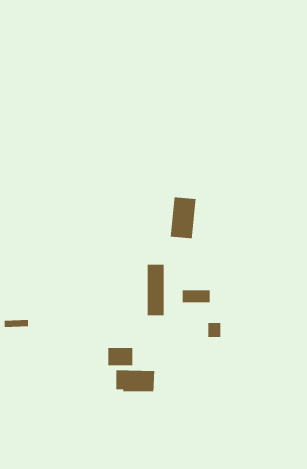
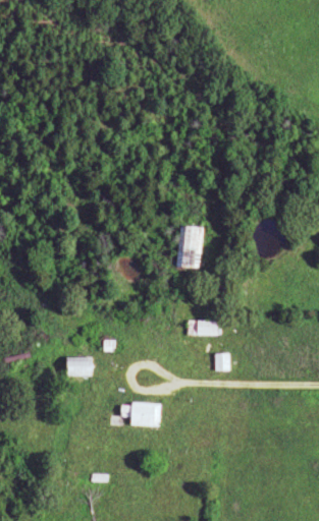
building: [147,264,164,316] -> none
building: [108,347,133,366] -> [66,356,93,375]

